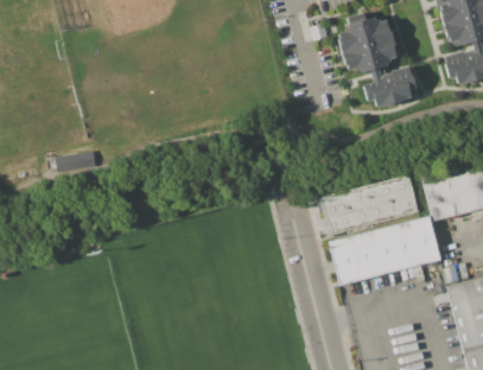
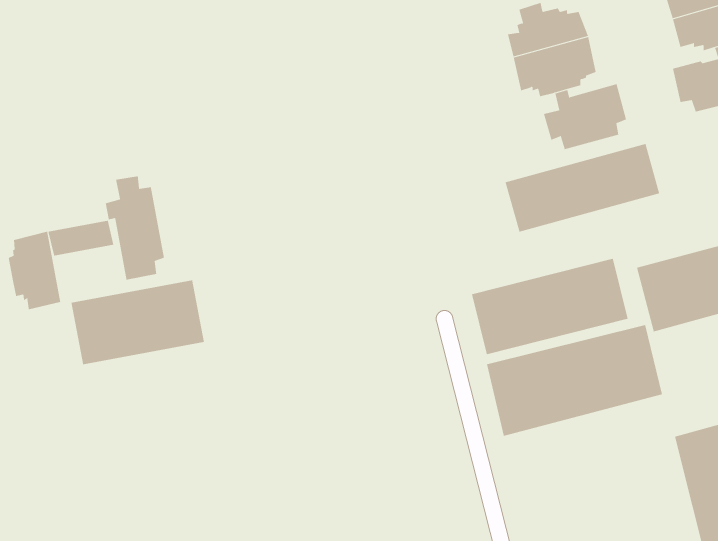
building: none -> [505,143,660,233]
building: none -> [105,175,164,281]
building: none -> [8,231,61,310]
building: none -> [71,279,204,365]

